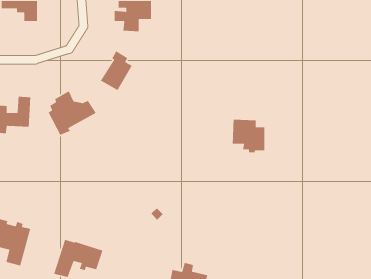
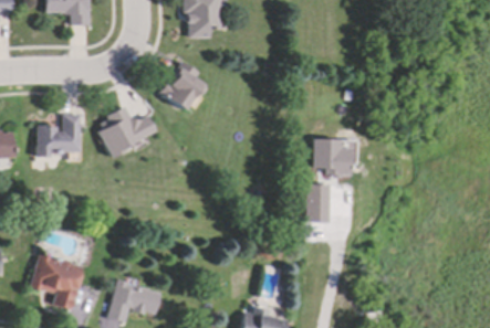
building: none -> [306,187,331,225]

